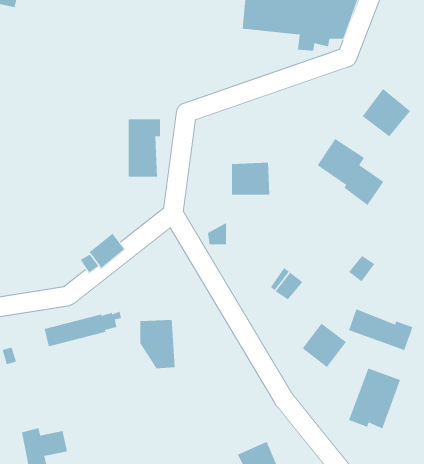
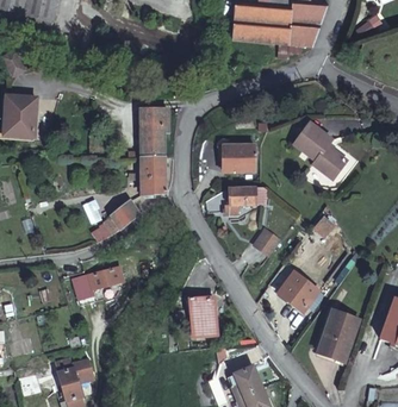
building: [362,88,411,137] -> none
building: none -> [142,157,173,195]
building: none -> [224,188,265,215]
building: [348,309,413,351] -> none
building: [139,319,175,369] -> [187,298,216,337]

